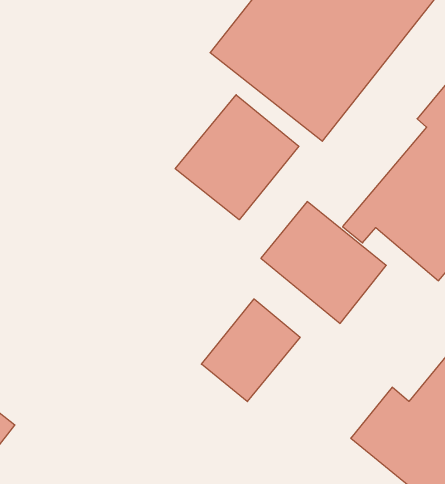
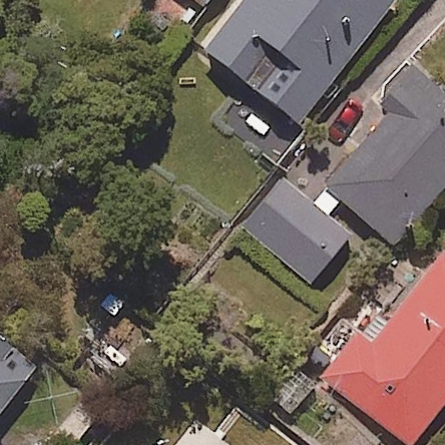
building: [175,95,299,220] -> none
building: [201,299,300,402] -> none

